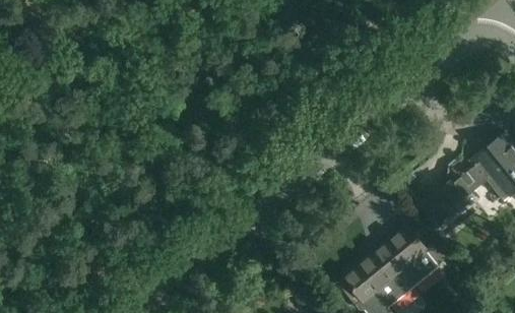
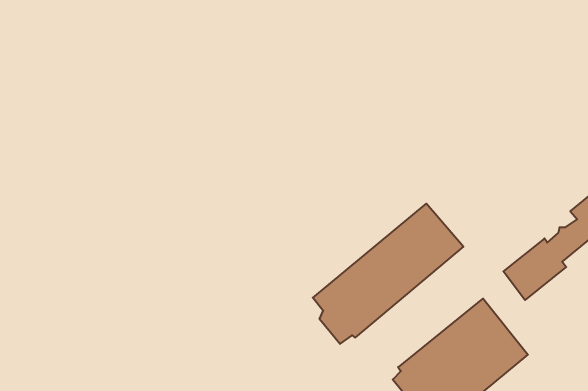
building: none -> [313,204,463,344]

